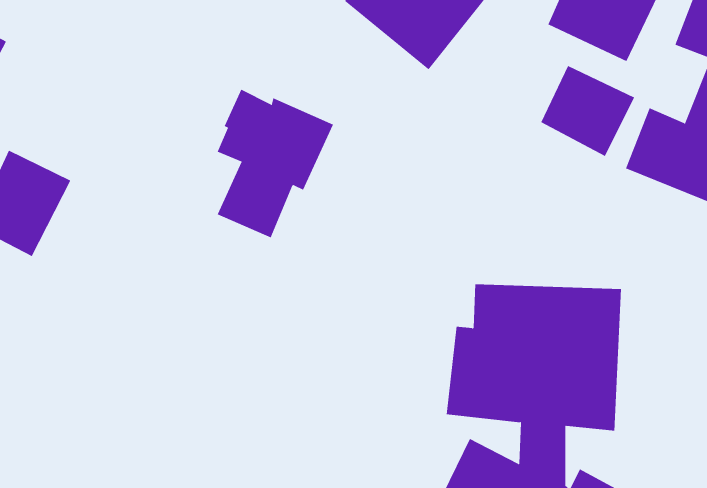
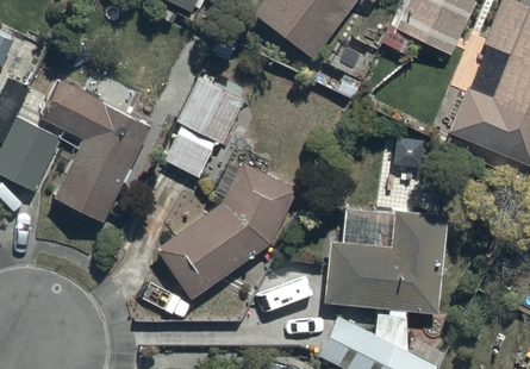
building: [541,65,635,157] -> none
building: none -> [37,77,148,218]
building: none -> [157,163,297,298]

